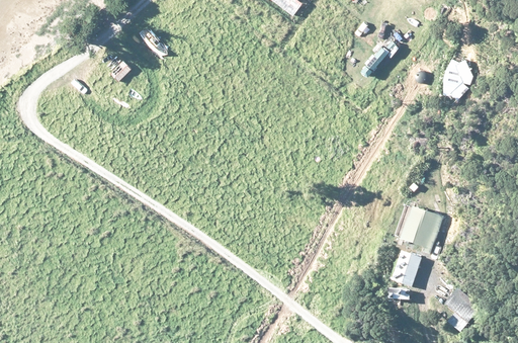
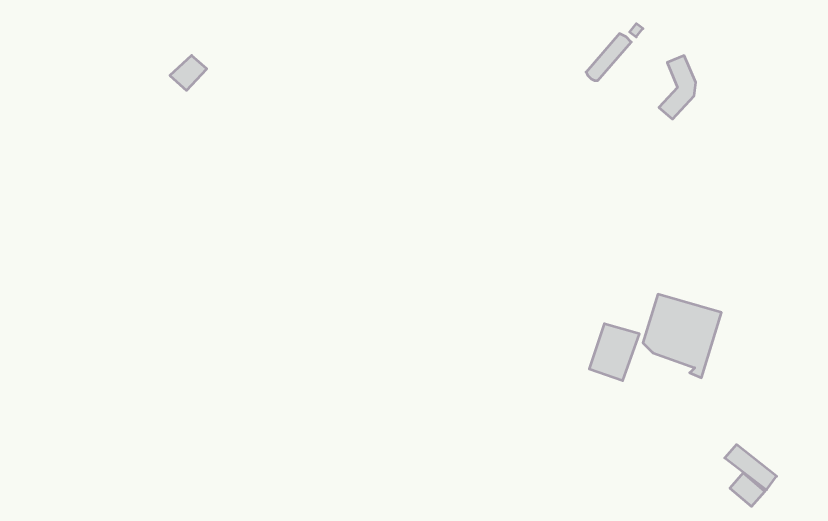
building: [449,60,471,98] -> [659,56,696,119]
building: [392,252,422,286] -> [589,324,639,381]

